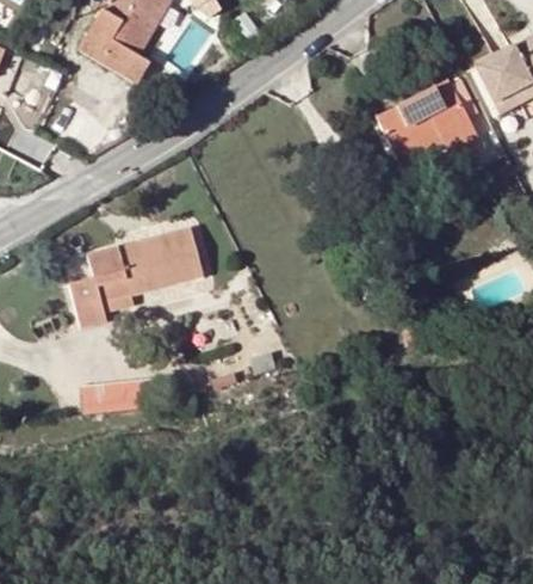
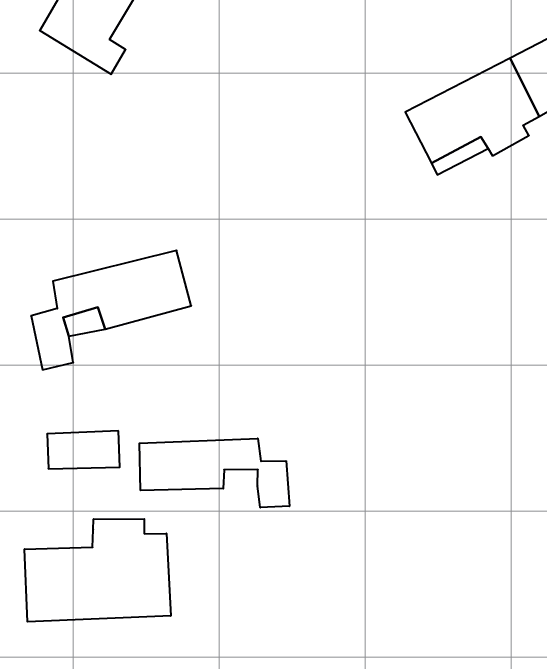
building: none -> [139,438,289,508]
building: none -> [25,519,171,622]

